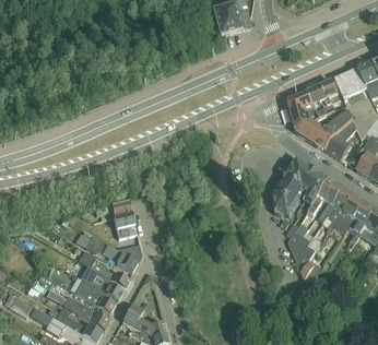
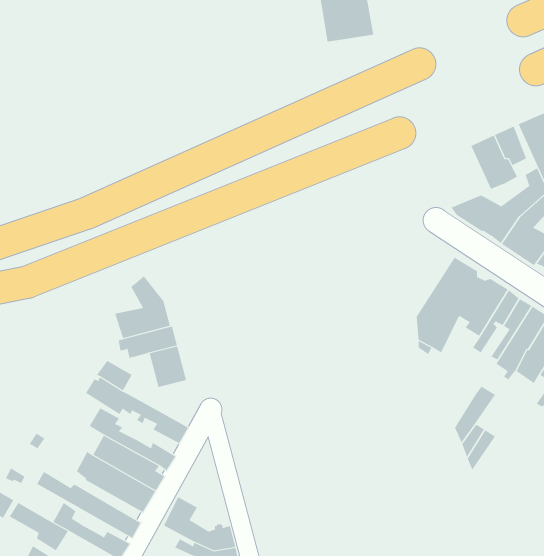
building: [287,92,318,129] -> none
building: none -> [114,275,171,339]
building: [286,222,309,261] -> none

